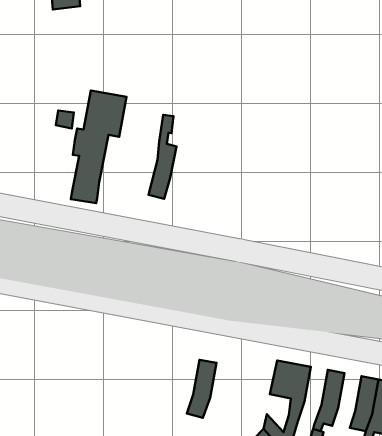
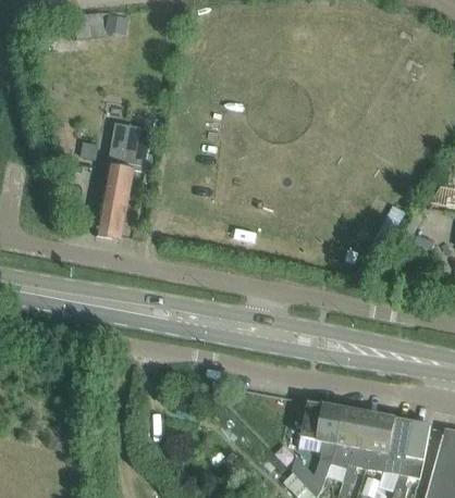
building: [149,115,177,199] -> none
building: [187,360,216,418] -> [330,407,360,466]
building: none -> [365,413,395,470]

